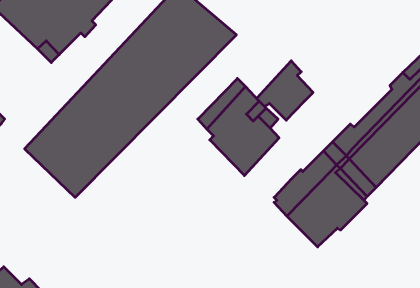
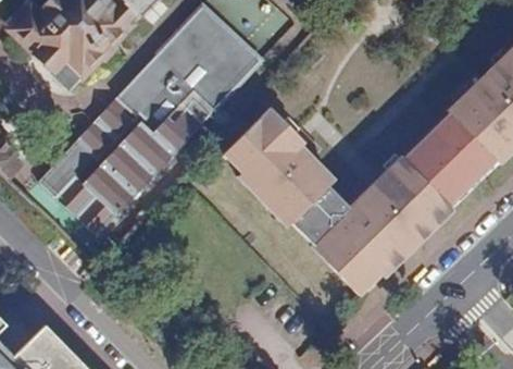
building: [257,61,313,120] -> [280,172,342,237]

